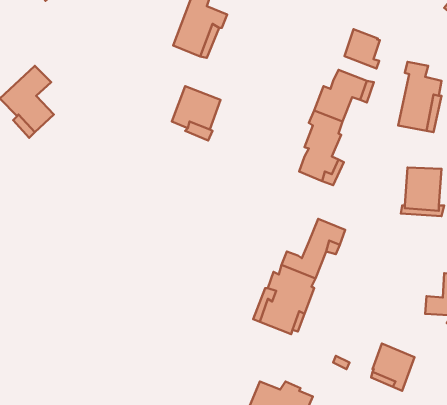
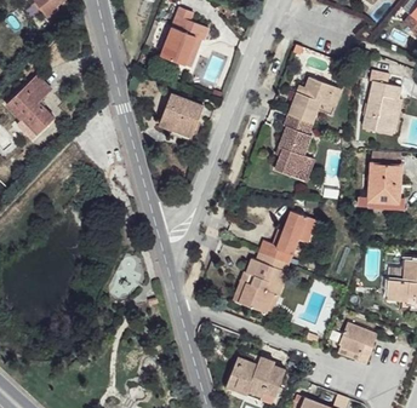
building: [345,29,380,69] -> none

